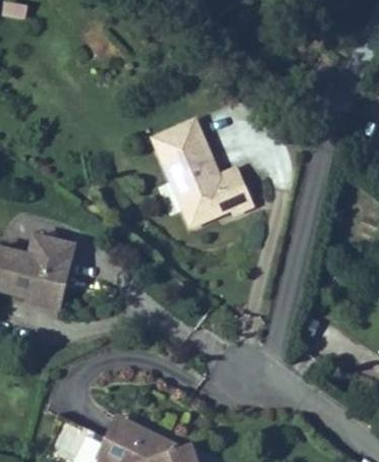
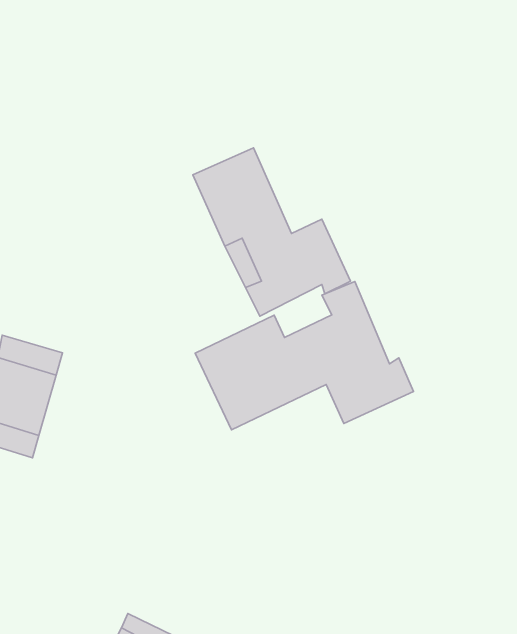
building: none -> [195,281,413,430]

